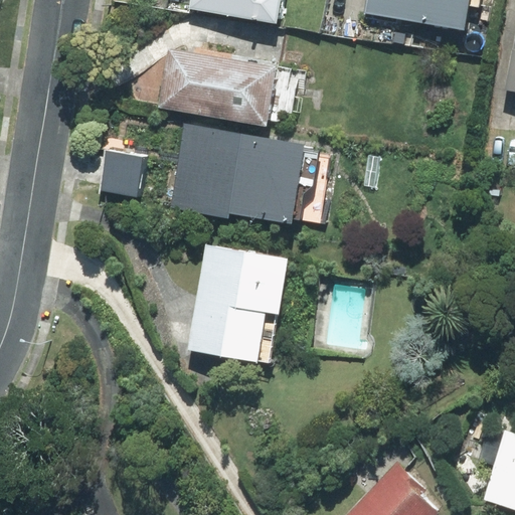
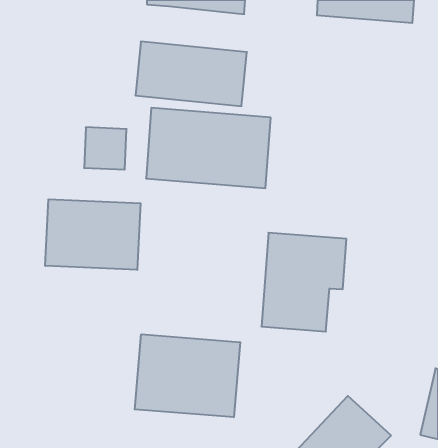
building: none -> [45,199,141,270]
building: [192,240,289,353] -> [261,233,346,332]
building: none -> [135,334,240,417]

